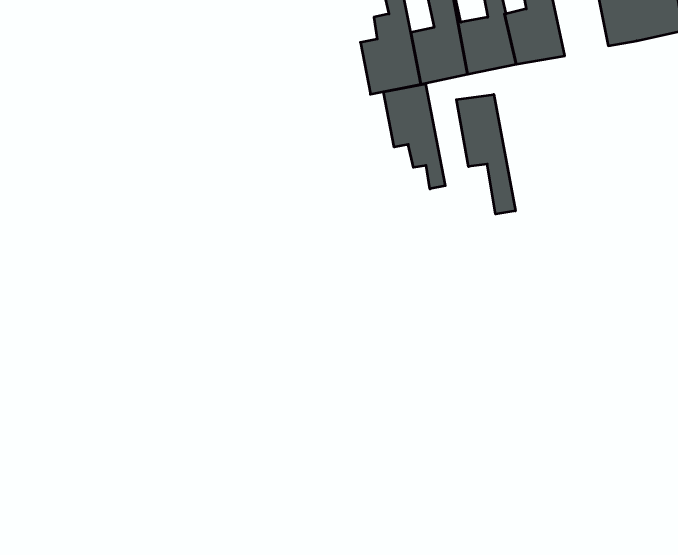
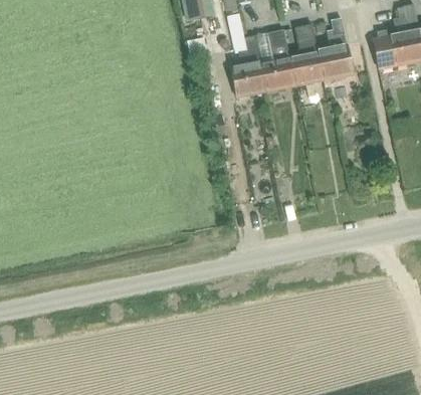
building: [384,84,445,189] -> none
building: [456,94,515,214] -> none

